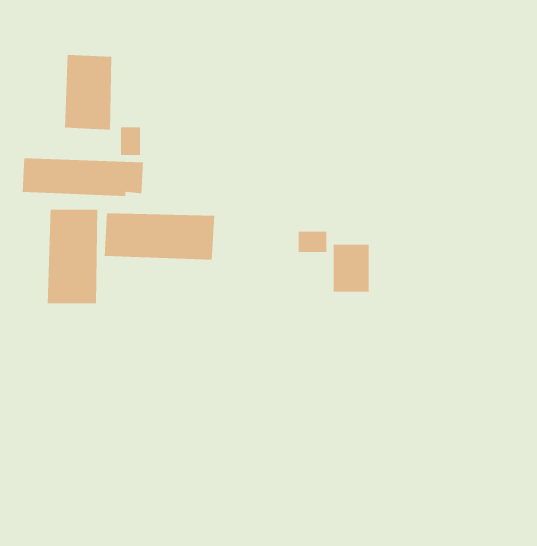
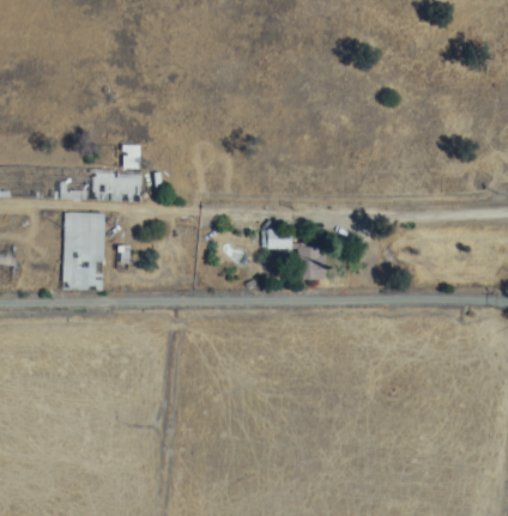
building: [64,54,112,130] -> none
building: [104,213,215,261] -> none

